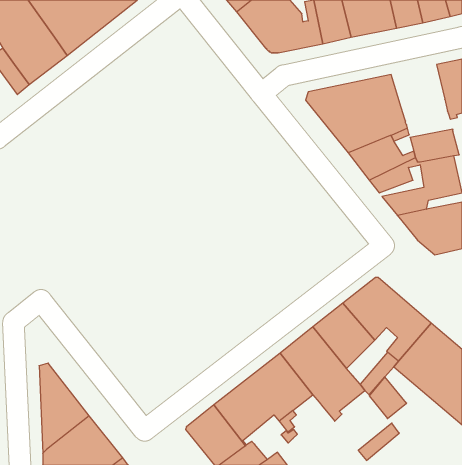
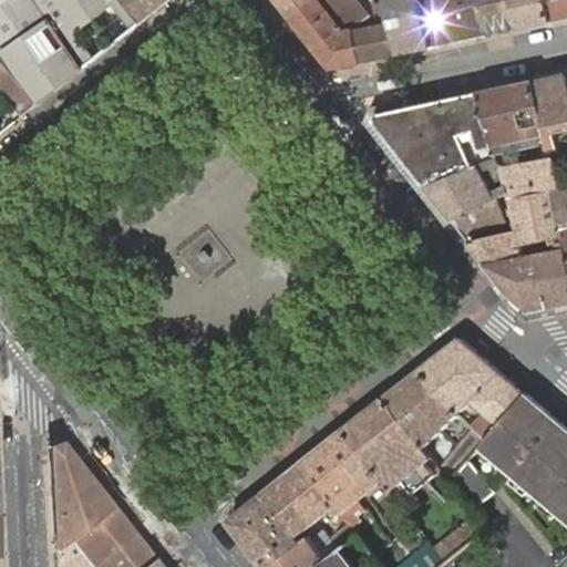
building: none -> [476,79,546,150]

